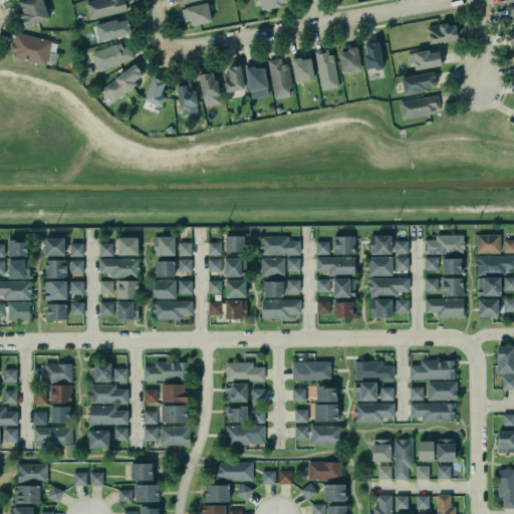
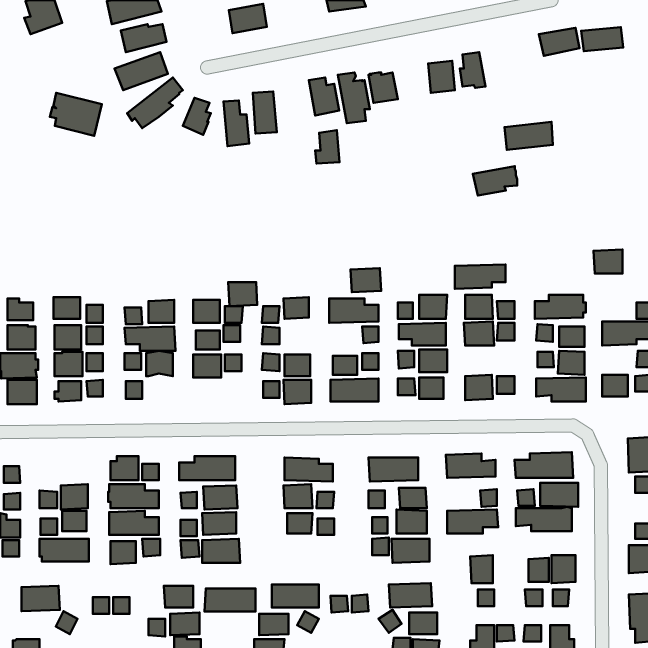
building: [11,32,52,66] -> [50,93,102,136]
building: [316,49,337,91] -> none
building: [410,51,443,70] -> [581,27,623,51]
building: [225,66,244,92] -> [315,130,339,163]
building: [402,72,437,95] -> [473,166,517,196]
building: [477,235,500,254] -> [593,249,623,274]
building: [261,258,285,277] -> [351,268,381,292]
building: [224,259,247,278] -> [228,282,257,306]
building: [367,277,408,296] -> [455,265,506,289]
building: [478,278,501,297] -> none
building: [154,301,193,320] -> none
building: [117,302,140,321] -> none
building: [32,362,70,381] -> none
building: [354,382,377,402] -> none
building: [225,427,265,445] -> [205,589,255,611]
building: [395,441,413,481] -> none
building: [13,483,38,503] -> none

